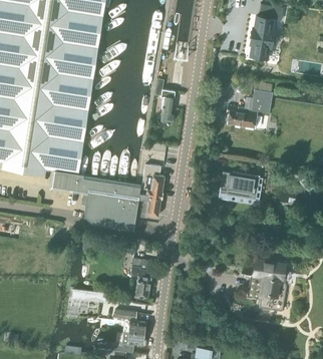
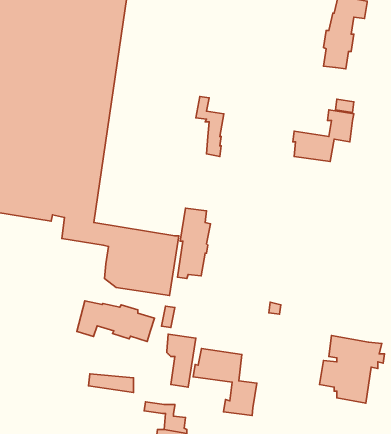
building: [221,171,259,200] -> none
building: none -> [77,301,154,341]
building: none -> [193,349,257,416]

